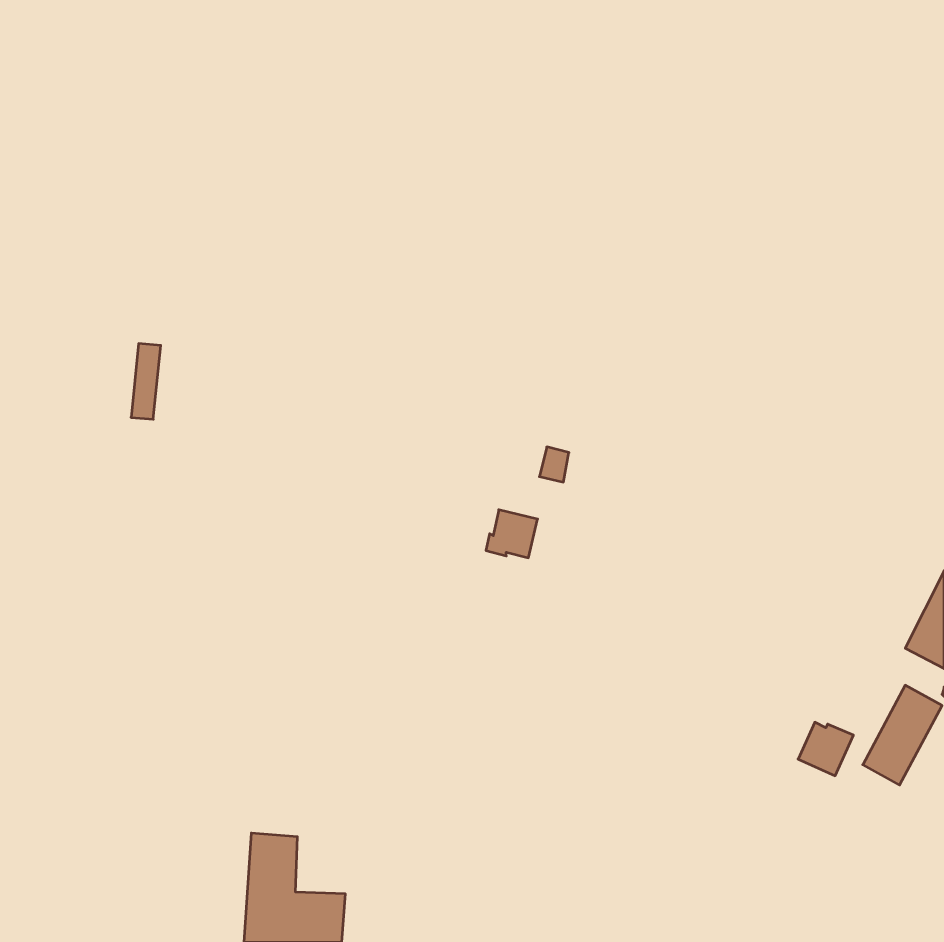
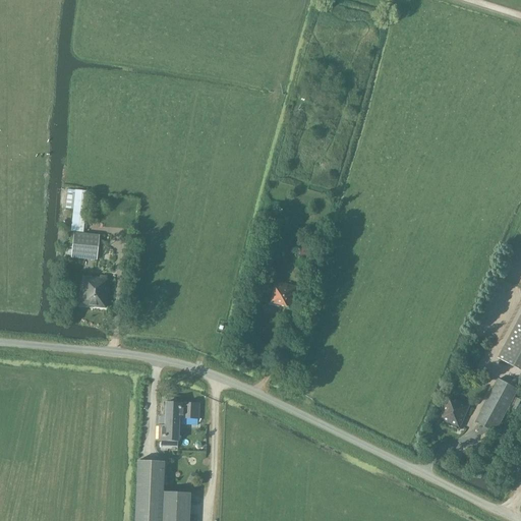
building: none -> [72,232,100,258]
building: none -> [80,276,109,306]
building: none -> [155,402,188,446]

